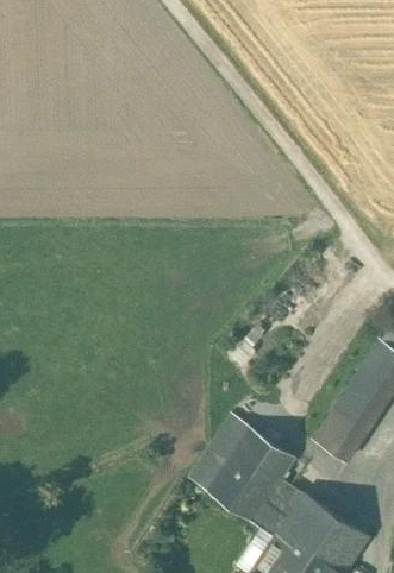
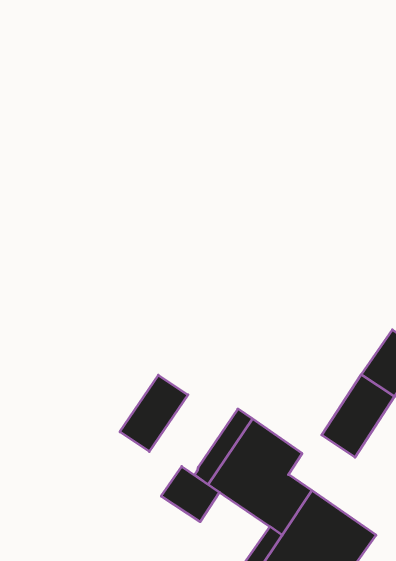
building: none -> [120,375,188,452]
building: none -> [161,466,220,522]

